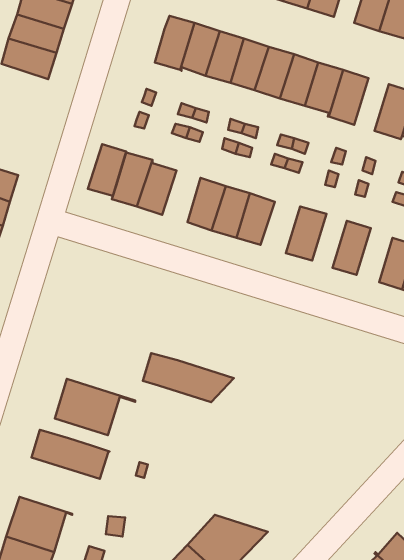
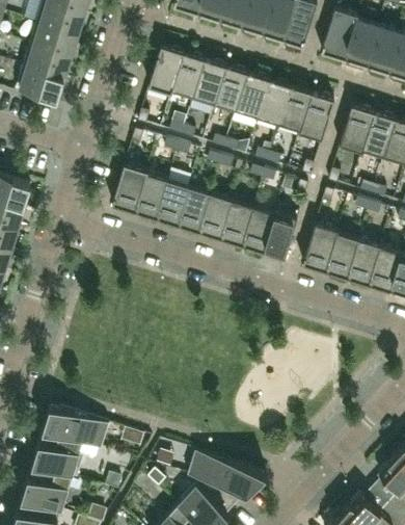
building: [88,144,126,196] -> [156,179,189,224]
building: none -> [241,206,275,251]
building: none -> [324,229,355,275]
building: [143,353,234,402] -> [188,449,267,492]
building: [55,379,135,435] -> [32,427,102,476]

